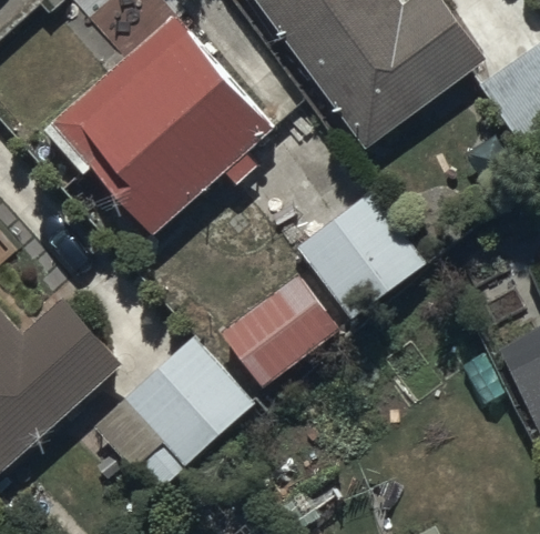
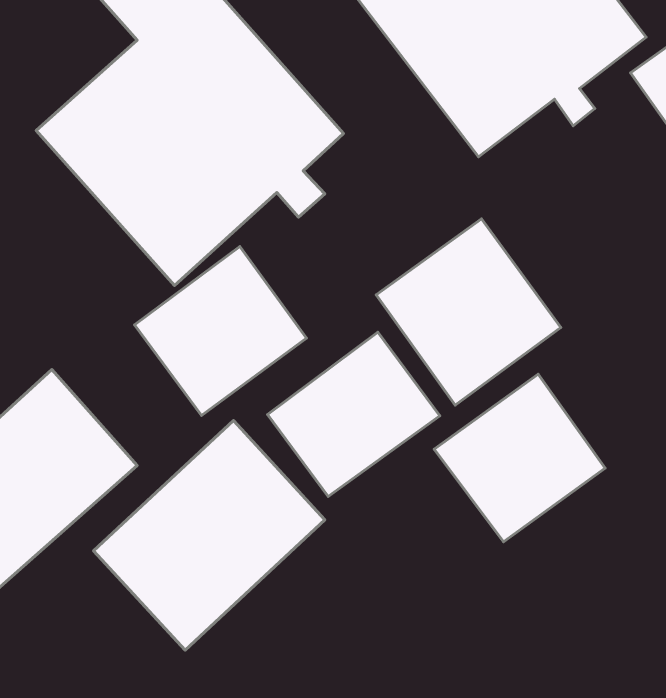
building: none -> [134,246,307,415]
building: none -> [434,374,605,542]

